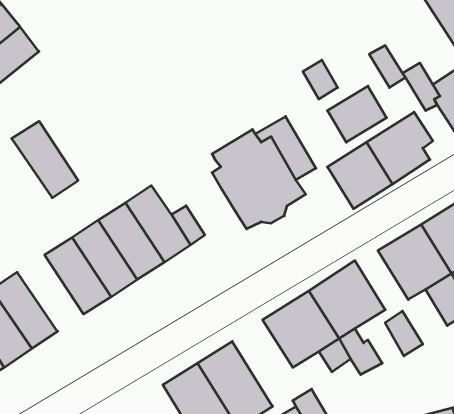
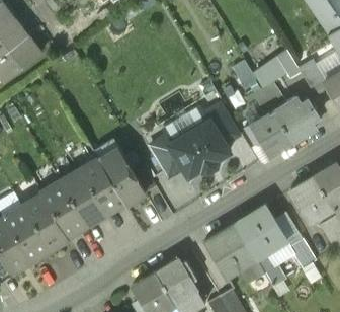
building: [12,121,78,198] -> [28,196,75,249]
building: none -> [148,129,182,174]

